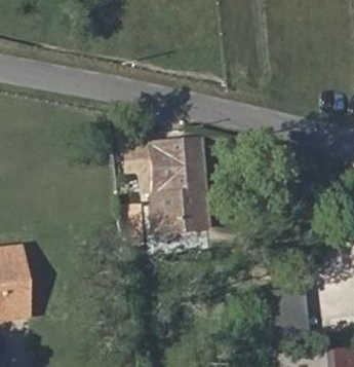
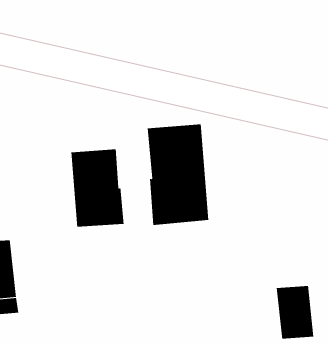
building: none -> [71,148,124,228]

